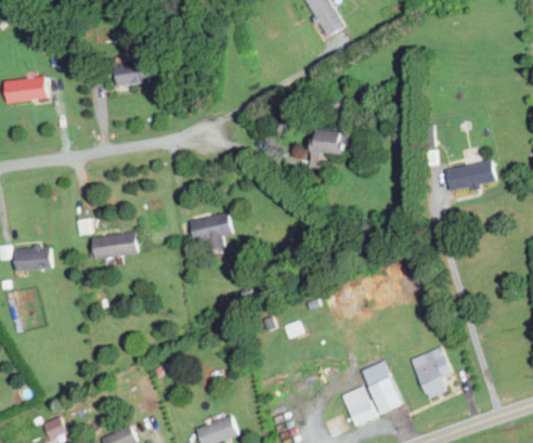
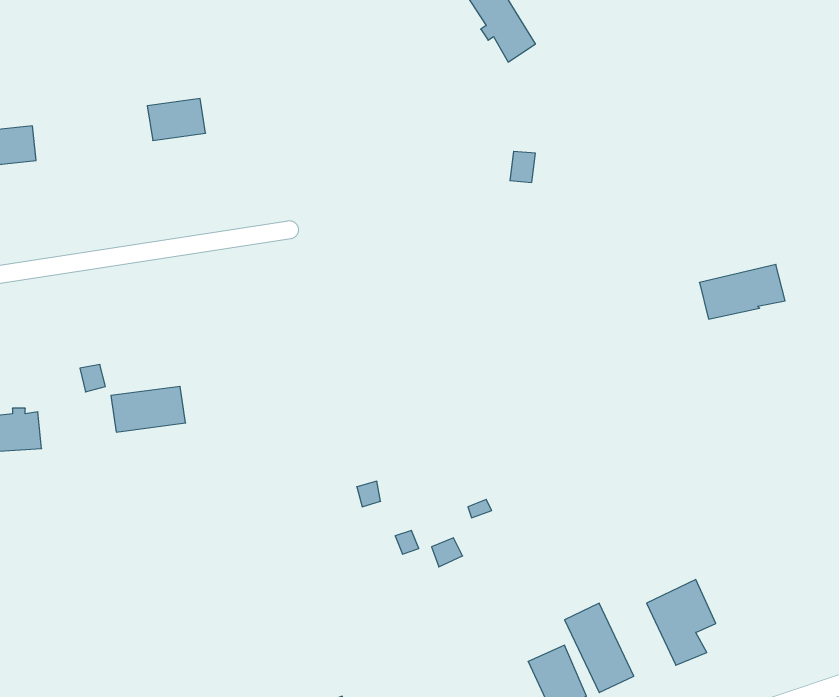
building: [310,125,348,169] -> none
building: [190,212,233,250] -> none

